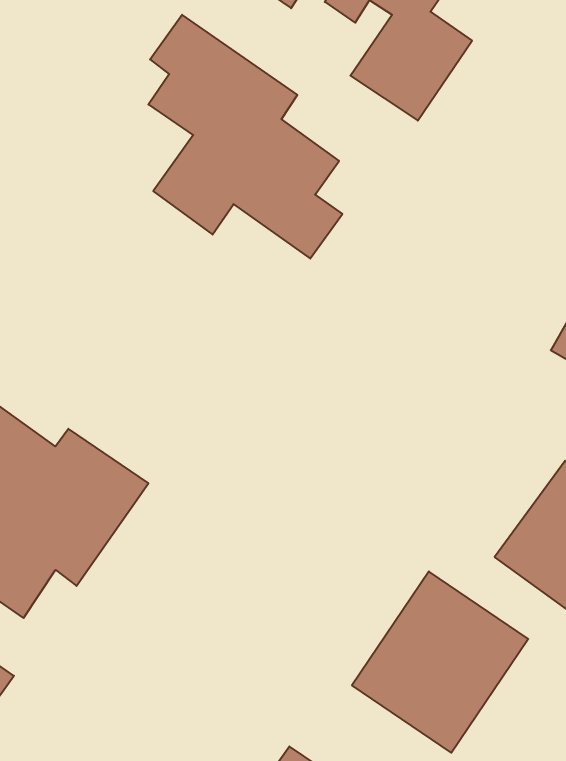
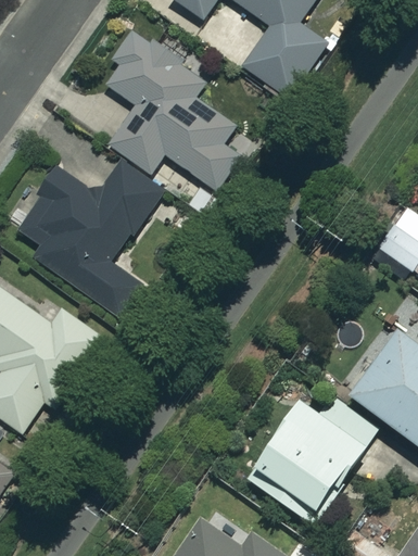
building: none -> [20,165,163,317]

